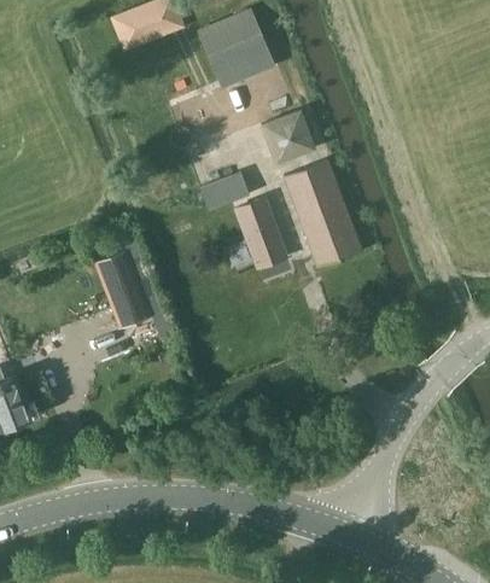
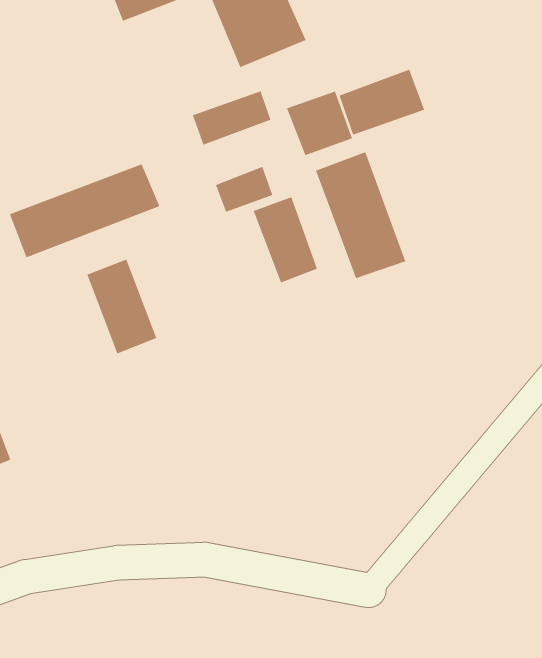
building: none -> [339,69,425,136]
building: none -> [192,91,271,145]
building: none -> [9,163,160,258]

